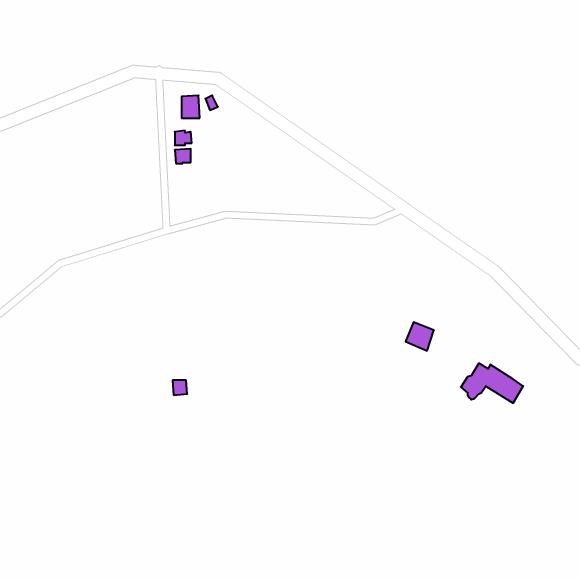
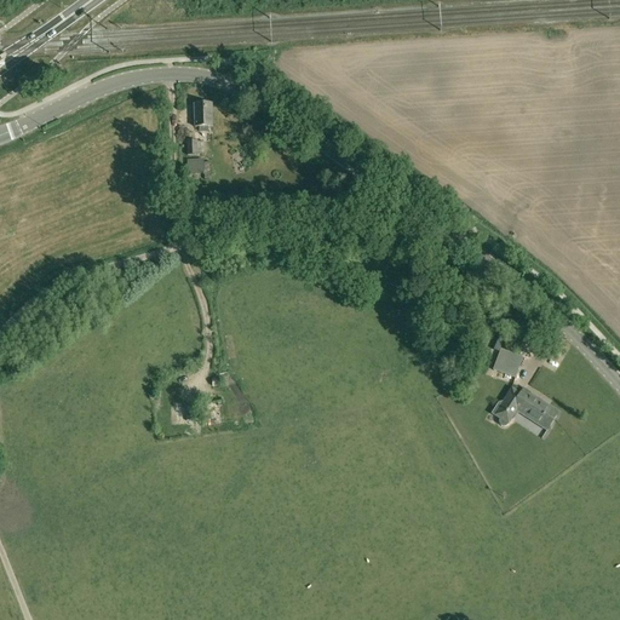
building: [406,322,434,351] -> [493,348,523,378]

